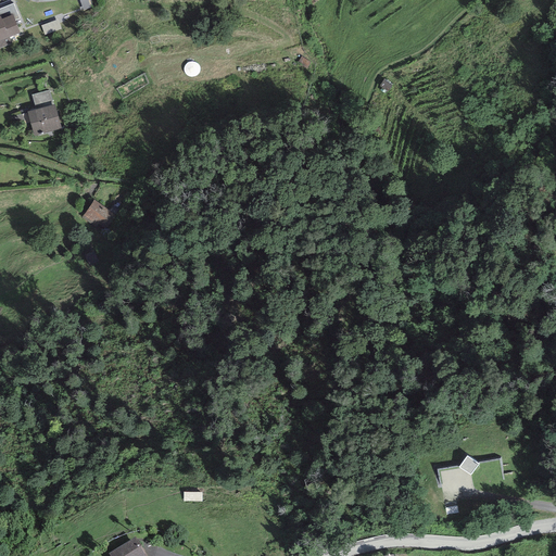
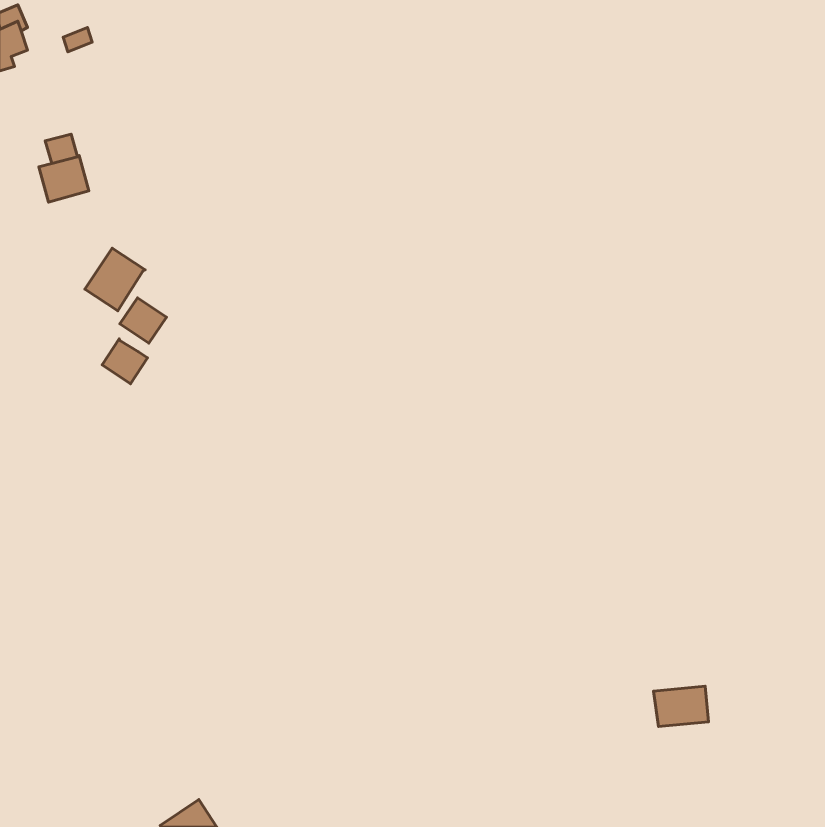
building: none -> [85,248,145,311]
building: none -> [102,339,148,384]

